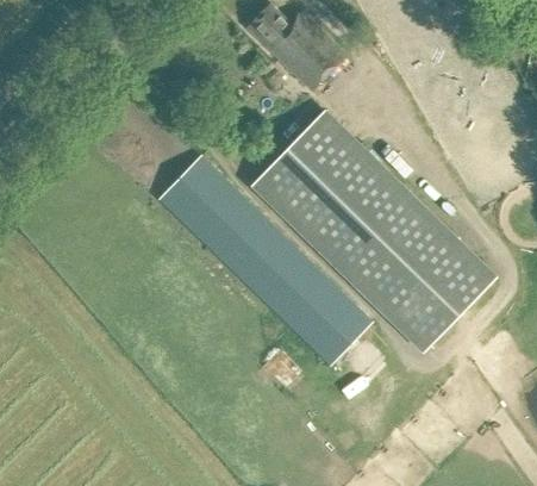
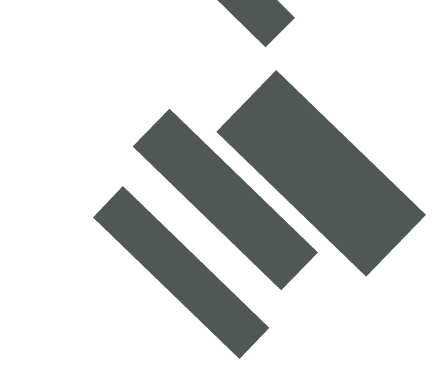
building: none -> [92,185,270,360]

